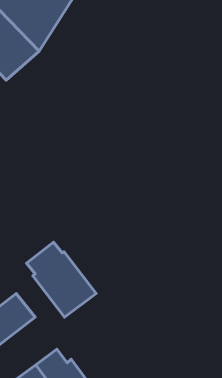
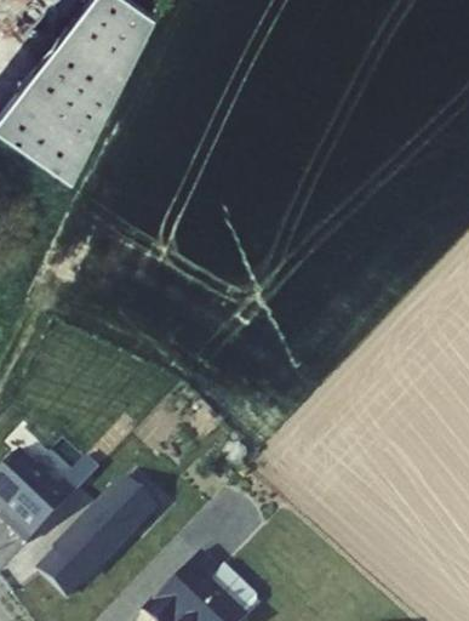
building: [26,242,96,317] -> none

